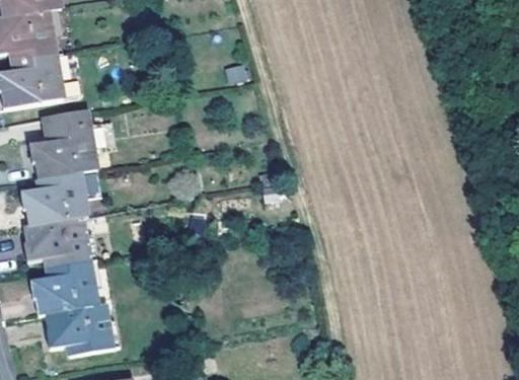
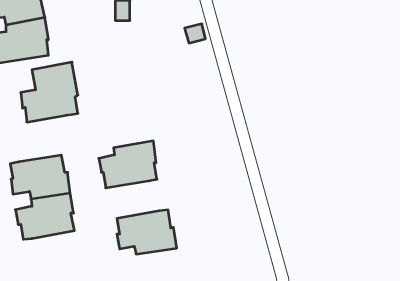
building: [22,168,90,223] -> [99,141,157,188]
building: [46,302,116,354] -> [117,210,177,254]

